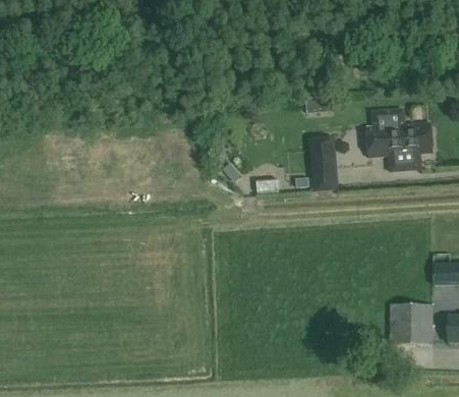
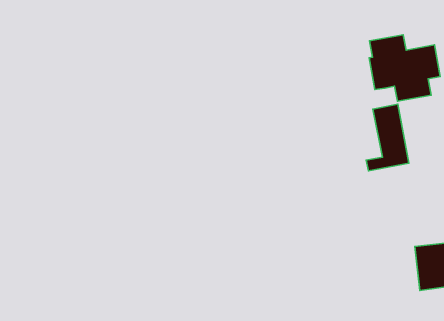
building: [299,135,338,193] -> [366,104,409,171]

